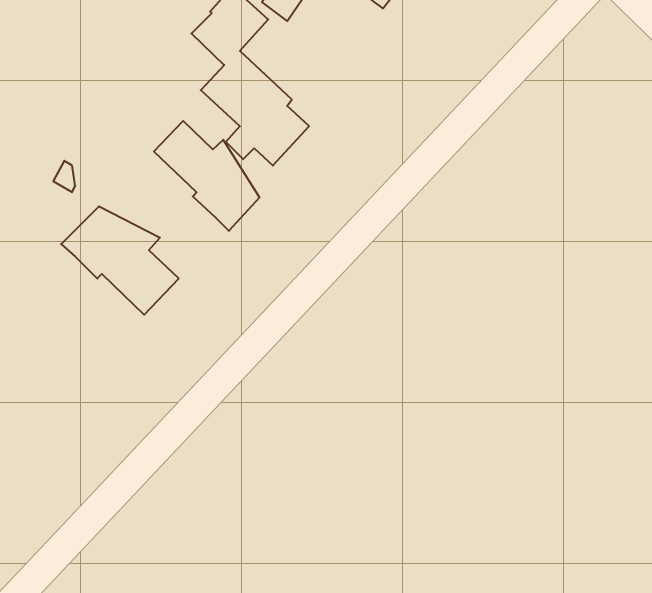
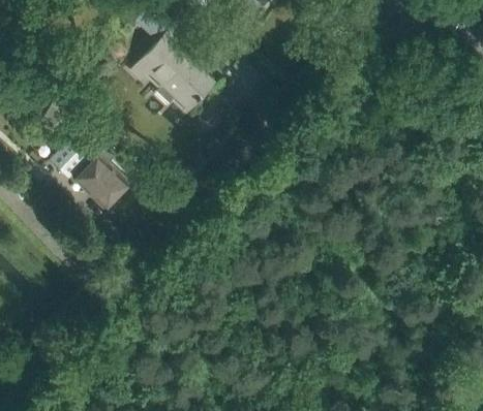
building: [154,121,259,231] -> none

